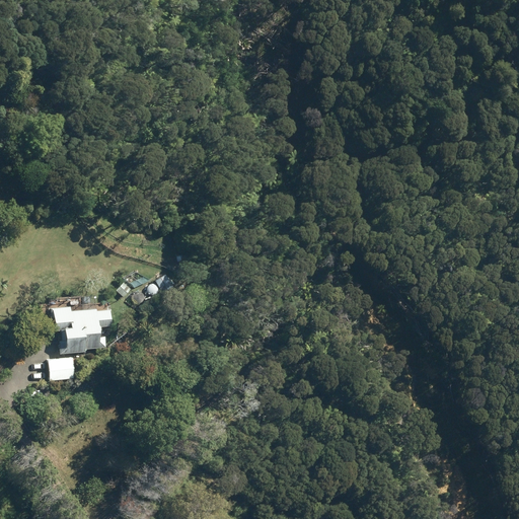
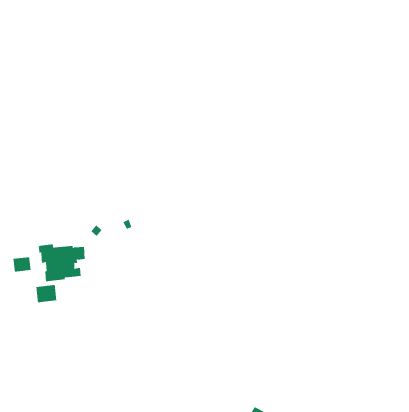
building: none -> [13,256,31,272]

